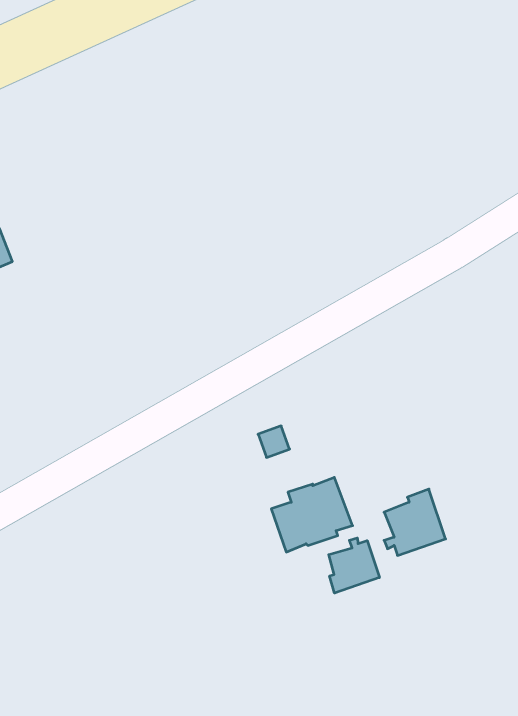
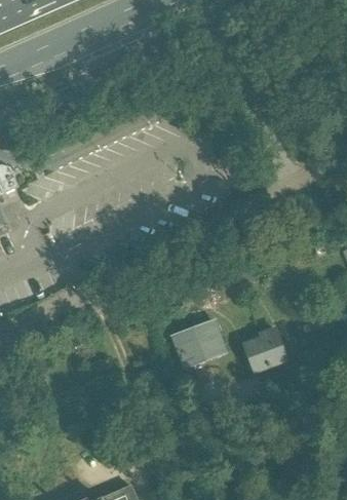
building: [329,538,379,593] -> none

